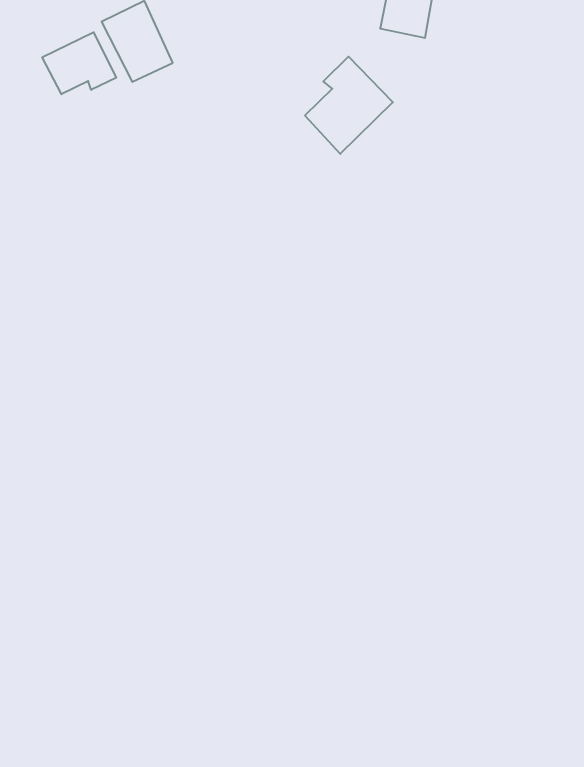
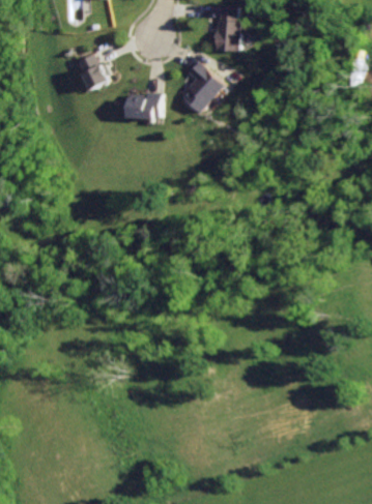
building: [42,32,116,94] -> none
building: none -> [124,92,163,120]

